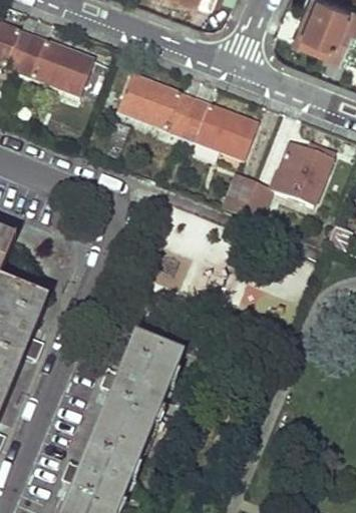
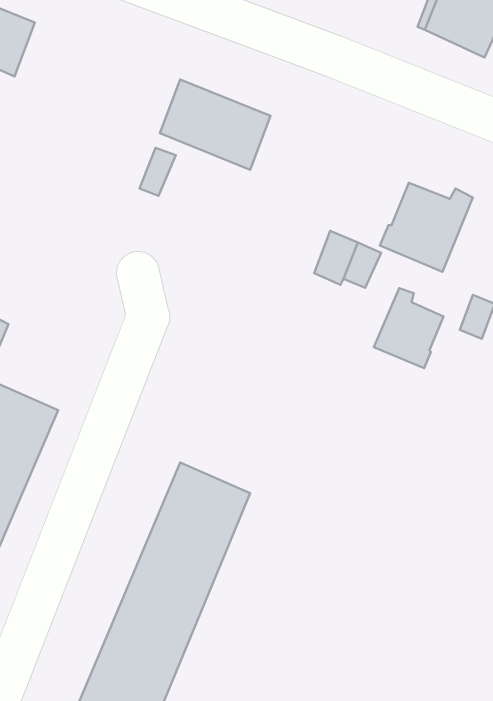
building: [18,33,93,94] -> none
building: [181,97,259,158] -> none
building: none -> [374,288,444,368]

